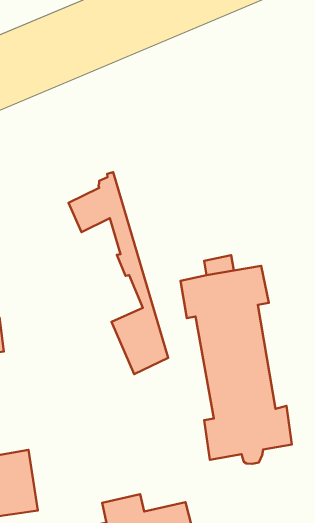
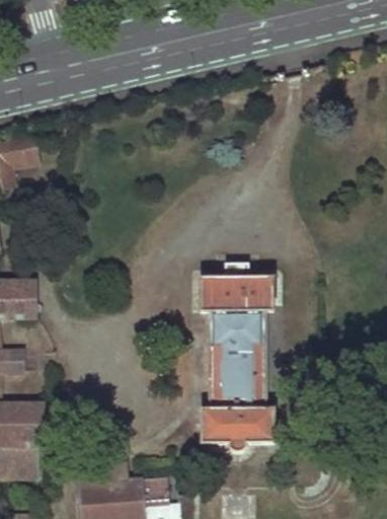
building: [68,172,168,374] -> none

